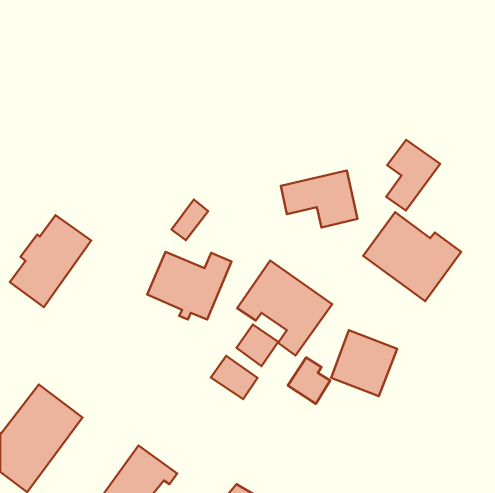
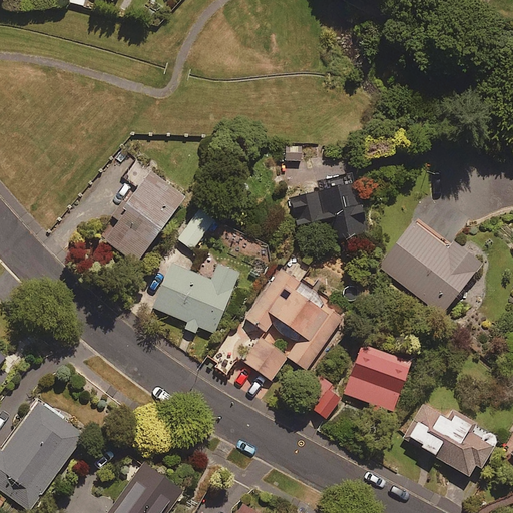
building: [386,140,440,210] -> none
building: [10,215,91,307] -> [101,168,185,264]
building: [211,356,258,399] -> none
building: none -> [401,404,494,480]

